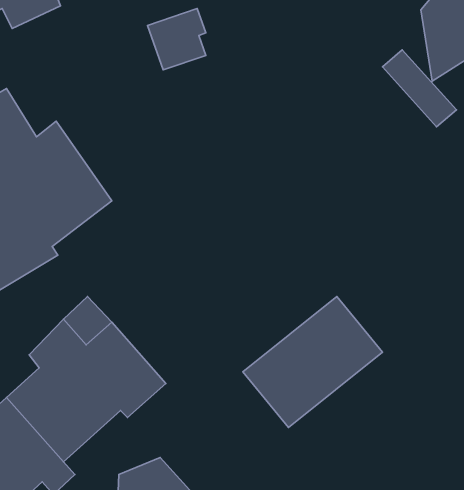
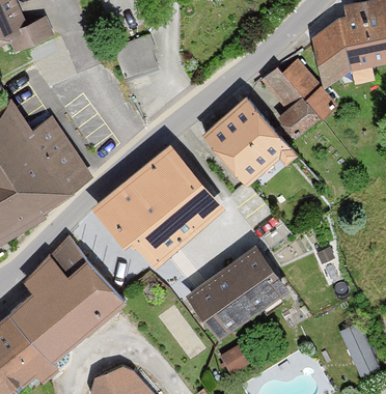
building: none -> [267,76,321,139]
building: none -> [201,95,296,181]
building: none -> [93,143,223,264]

